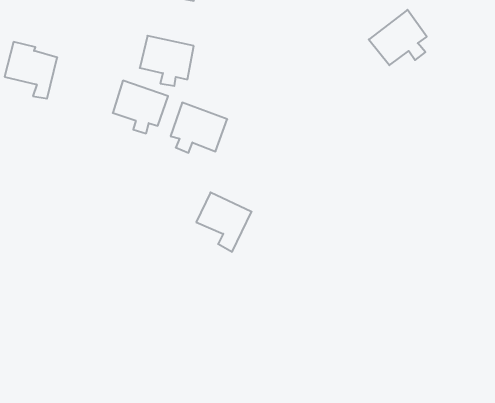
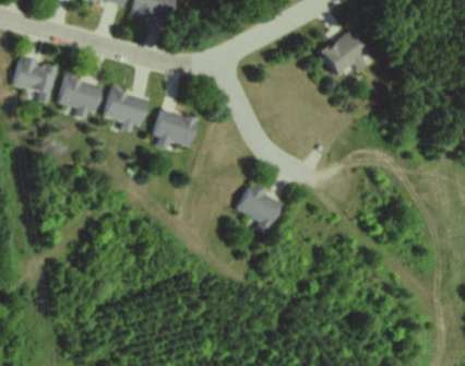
building: [140,36,194,86] -> [56,75,102,118]
building: [196,192,252,252] -> [236,185,283,235]

